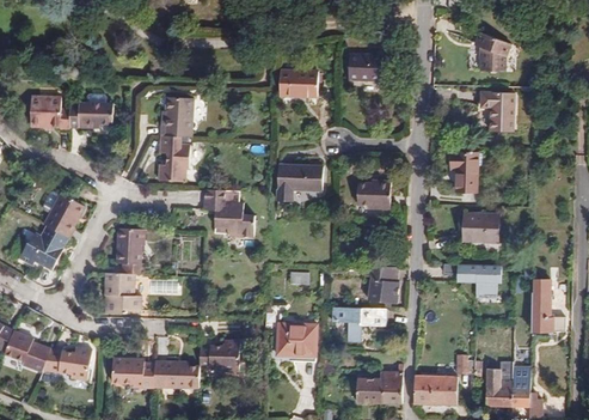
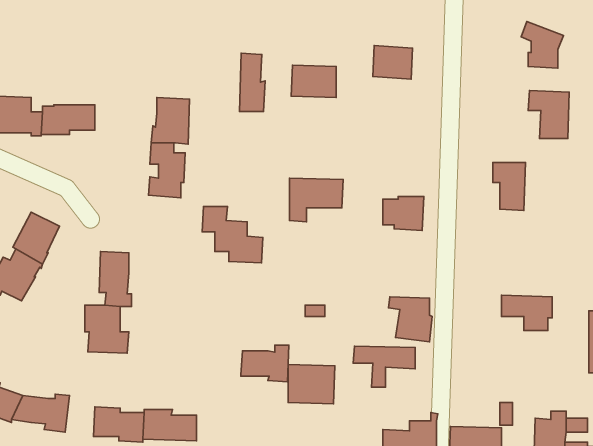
building: none -> [239,53,265,112]
building: [462,213,498,243] -> none
building: [198,341,239,372] -> [241,345,289,382]

